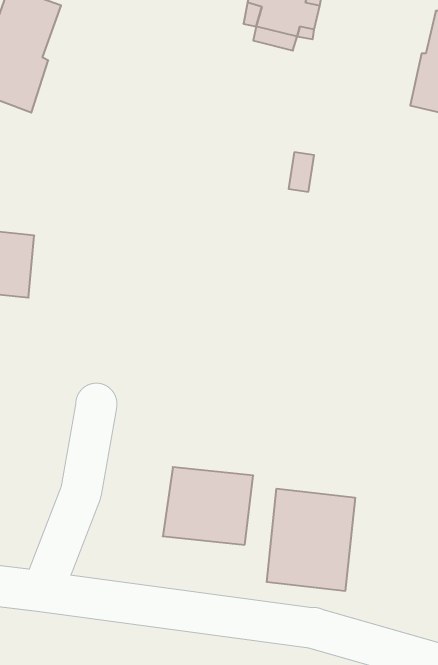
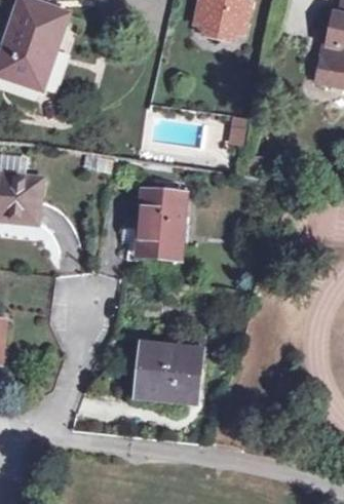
building: none -> [140,186,188,257]
building: [267,489,355,591] -> none

